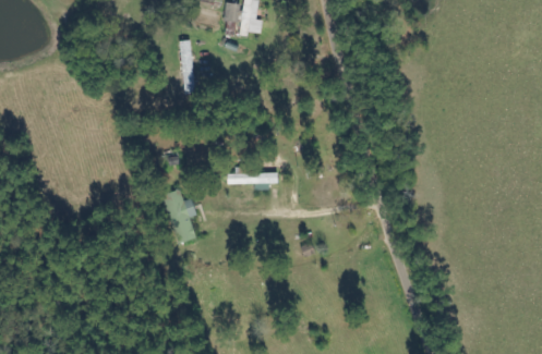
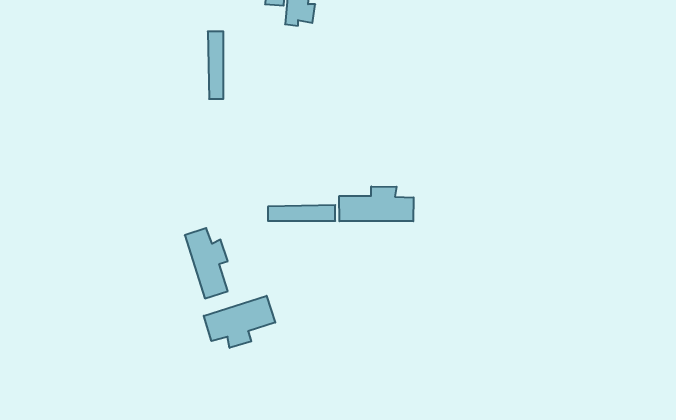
building: none -> [339,186,414,221]
building: none -> [204,296,275,348]

